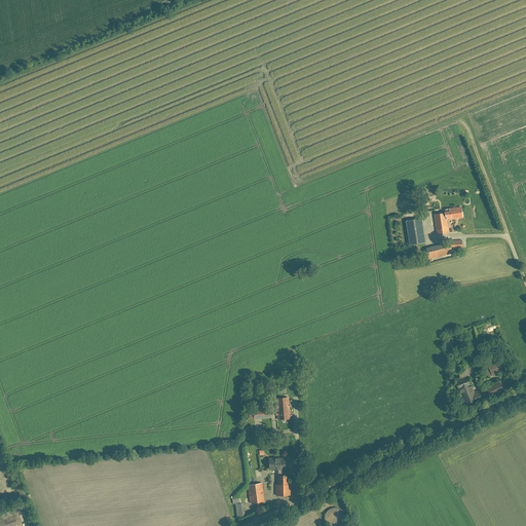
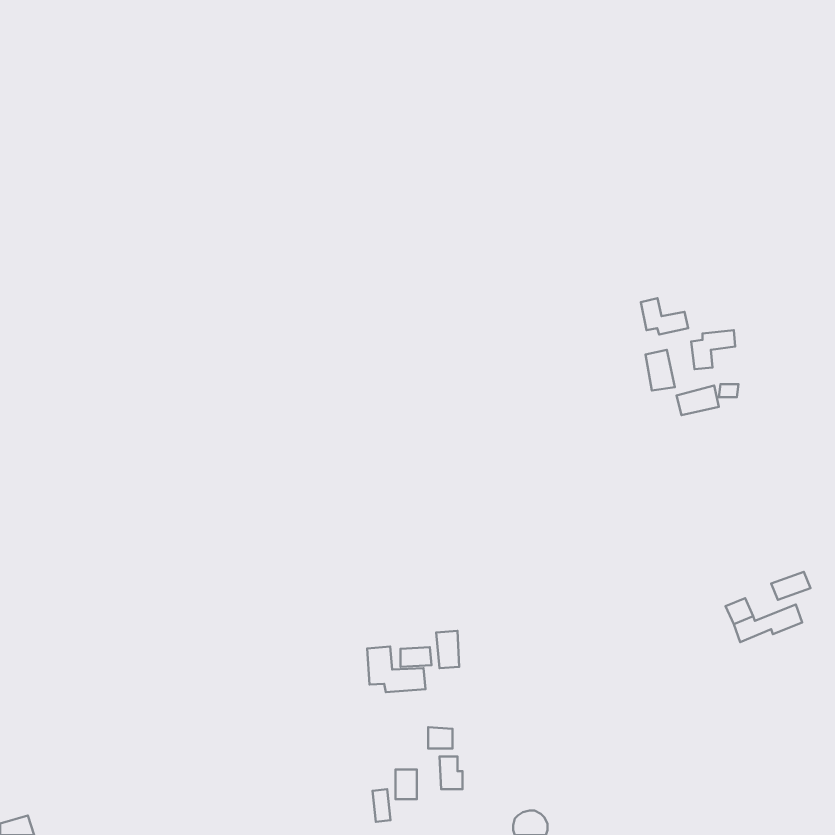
building: none -> [641,298,688,334]
building: none -> [367,646,425,692]

